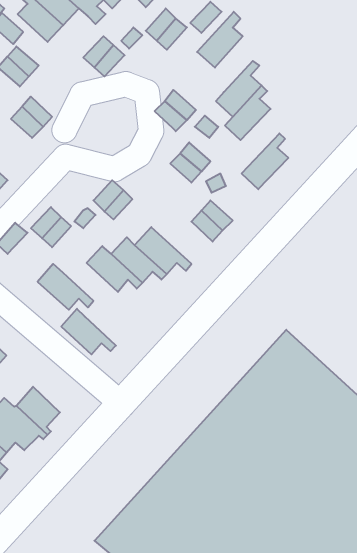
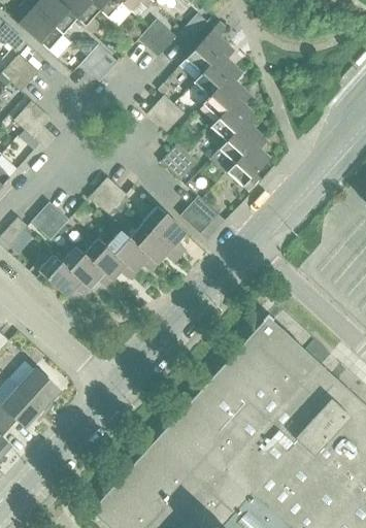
building: none -> [194,45,236,97]
building: none -> [210,112,261,172]
building: none -> [142,207,186,256]
building: [61,309,116,354] -> [61,248,111,290]

